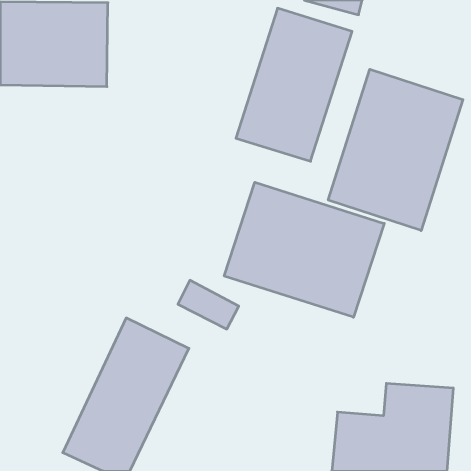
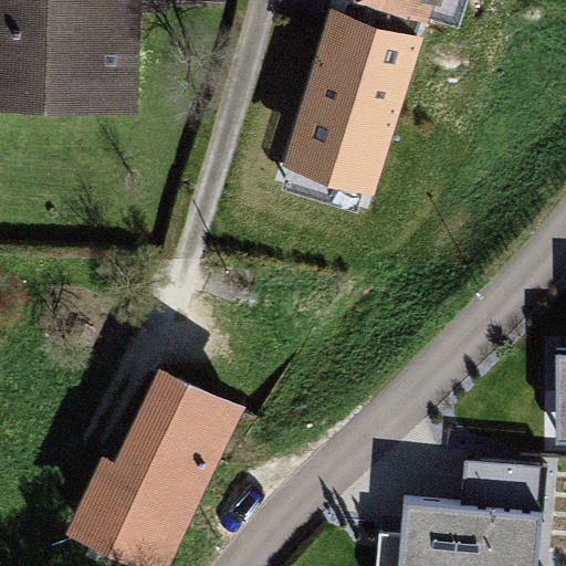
building: [328,69,463,231] -> none
building: [224,182,384,317] -> none

